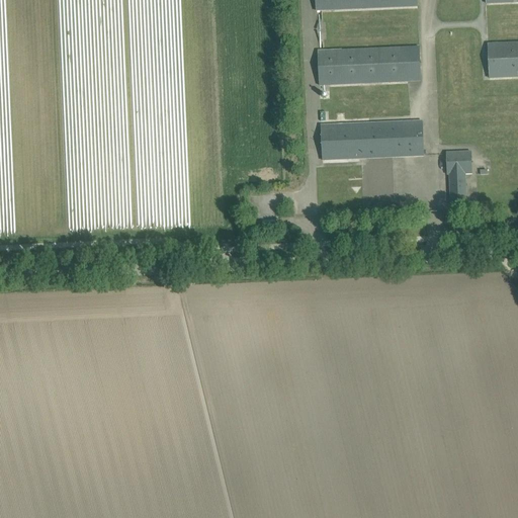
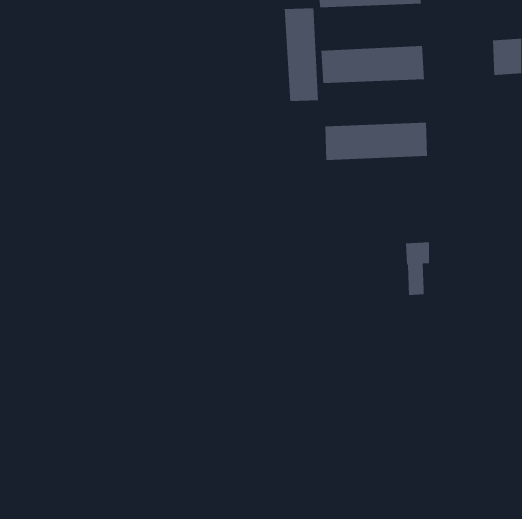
building: none -> [284,7,319,102]
building: [446,148,470,201] -> [405,242,430,296]

